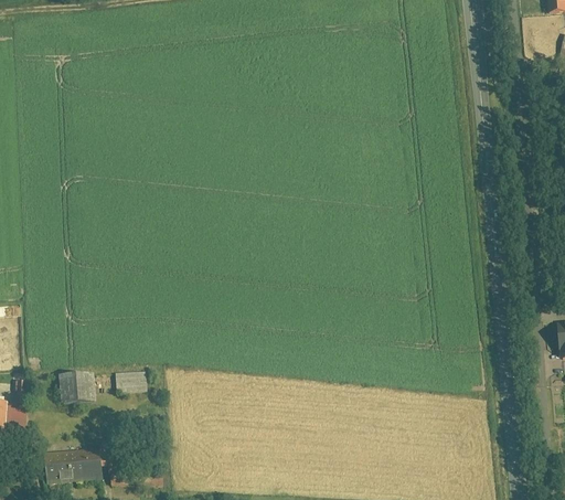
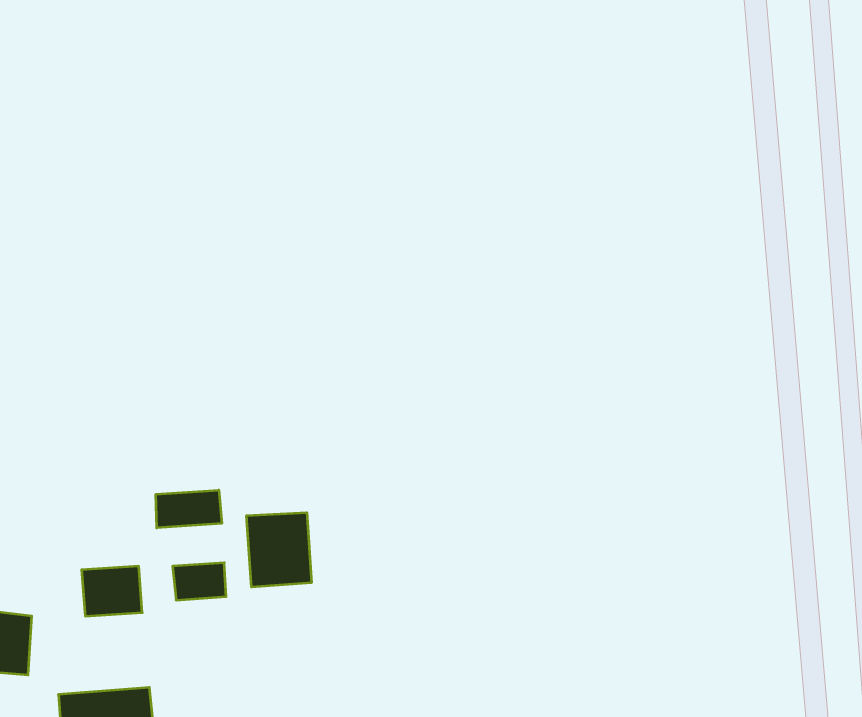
building: none -> [156,490,222,528]
building: none -> [247,513,311,587]

